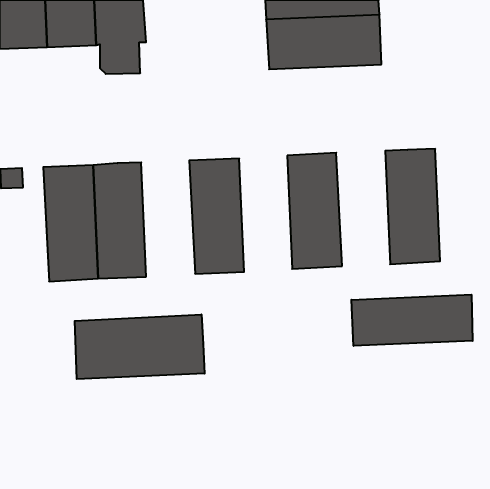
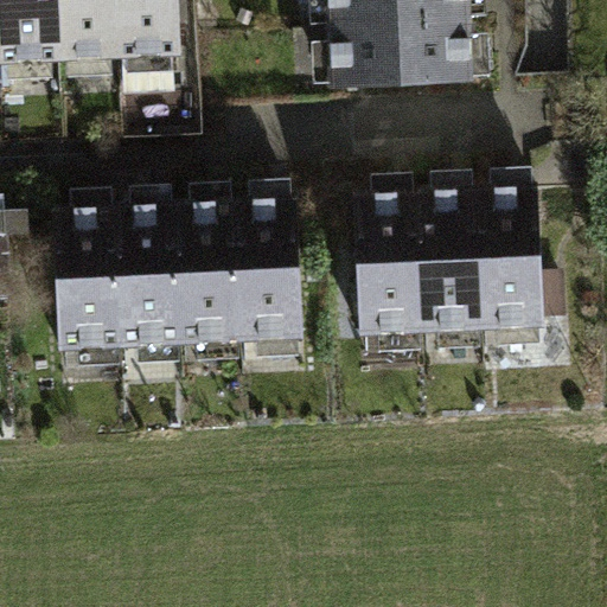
building: none -> [415,189,481,331]
building: none -> [174,200,241,344]
building: [351,295,473,346] -> none
building: [75,314,205,379] -> none

